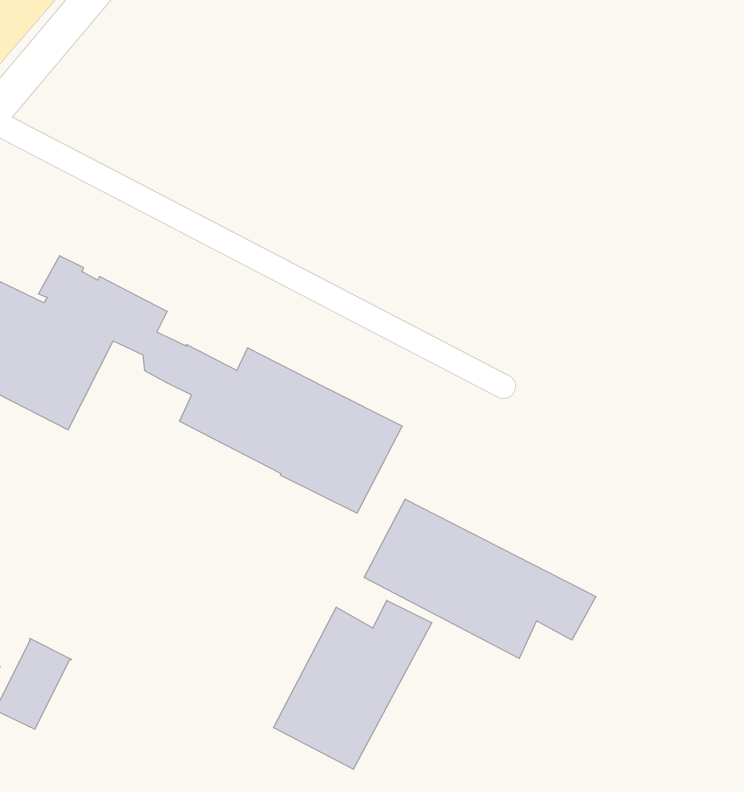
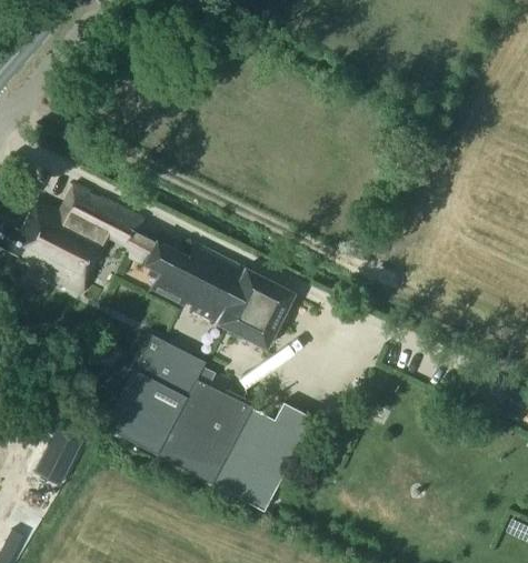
building: none -> [101,333,260,485]
building: [364,499,596,658] -> none

